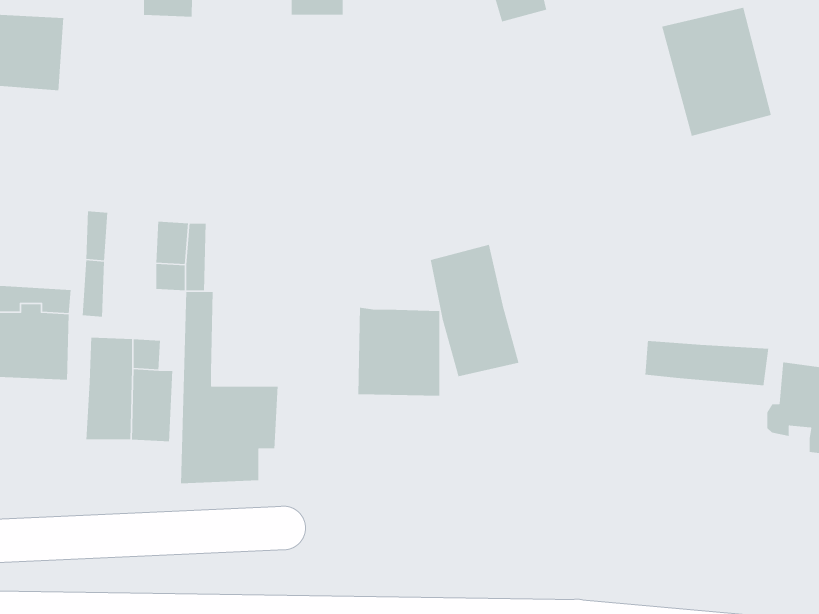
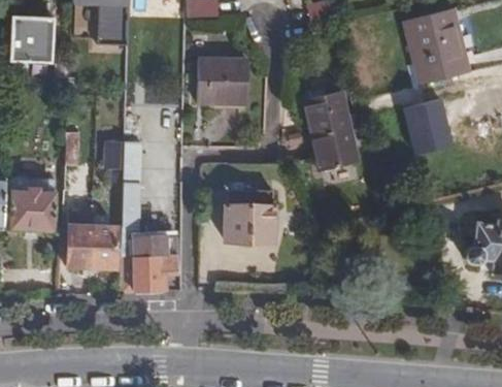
building: none -> [198,61,249,105]
building: none -> [407,99,454,154]
building: [430,244,519,377] -> [303,91,356,169]
building: [645,340,769,386] -> none

